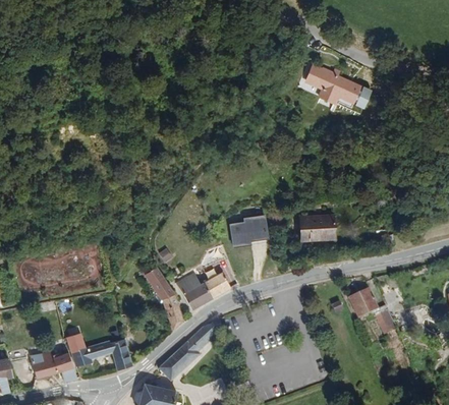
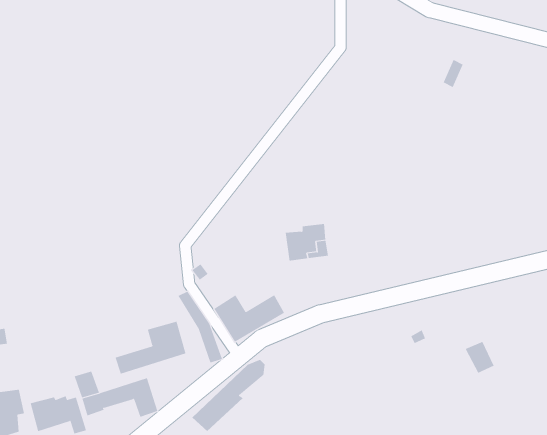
building: [305,65,361,103] -> none
building: [297,215,335,241] -> none
building: [348,286,379,317] -> none
building: none -> [115,321,186,374]

